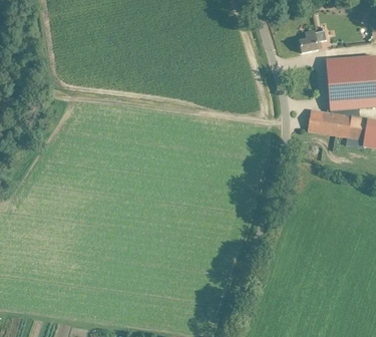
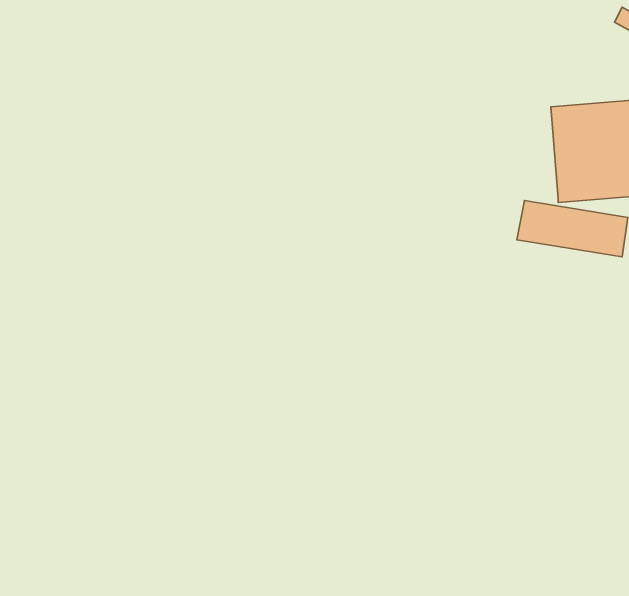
building: [297,29,324,52] -> none

